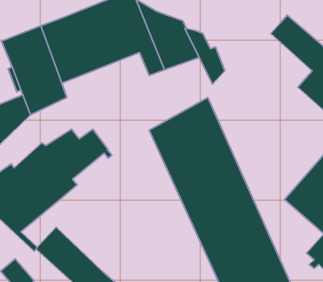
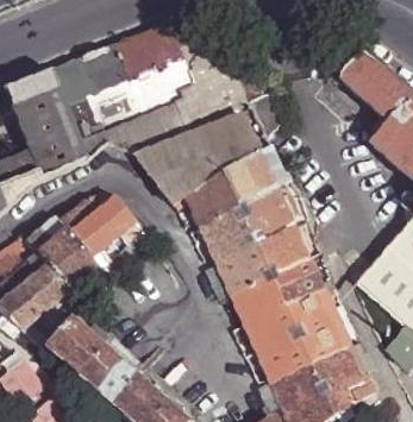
building: none -> [133,113,259,203]

